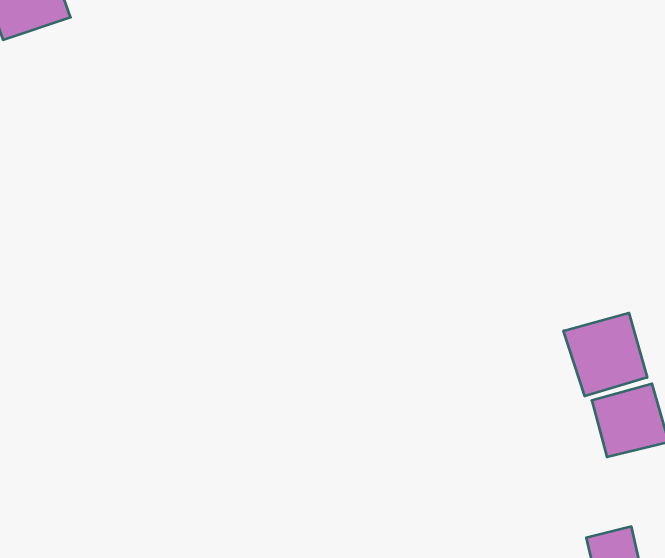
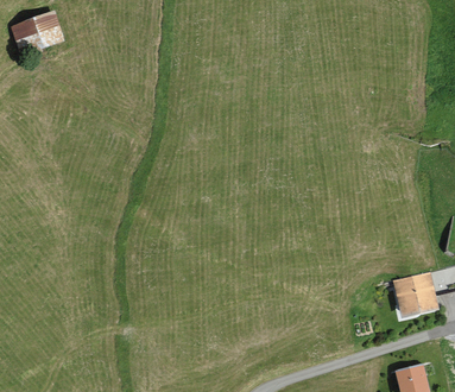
building: [564,313,647,396] -> none

